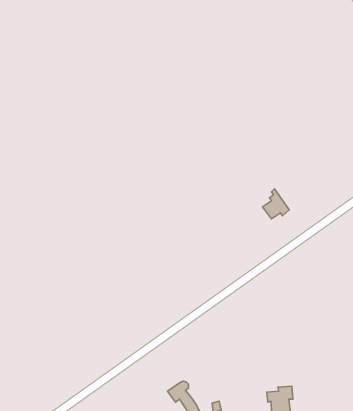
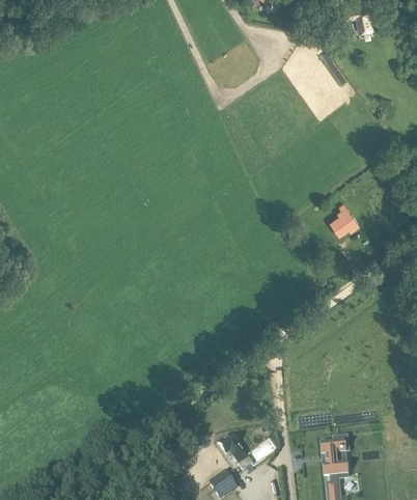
building: [262,189,289,219] -> [330,202,358,233]

